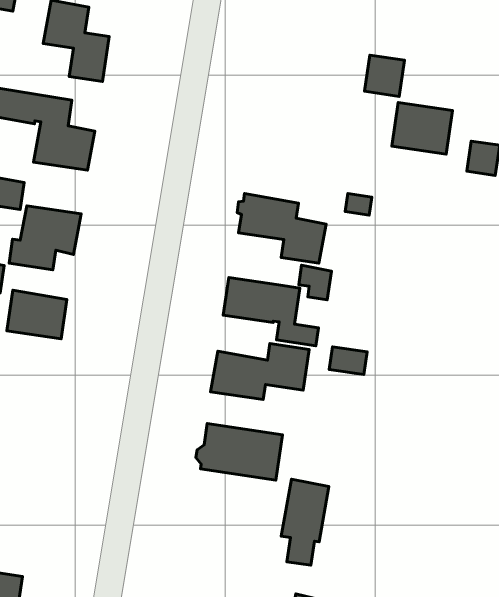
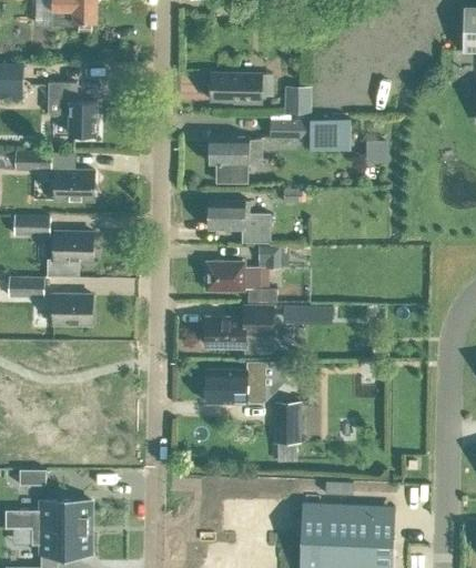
building: none -> [211,73,274,104]
building: none -> [270,115,311,140]
building: none -> [207,139,261,184]

